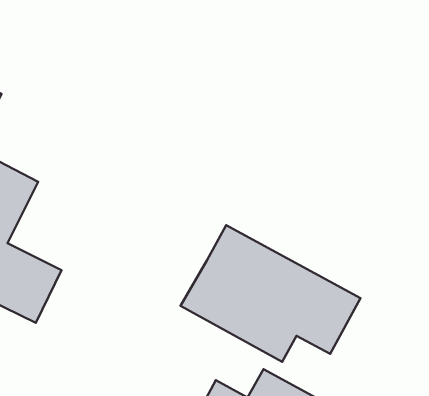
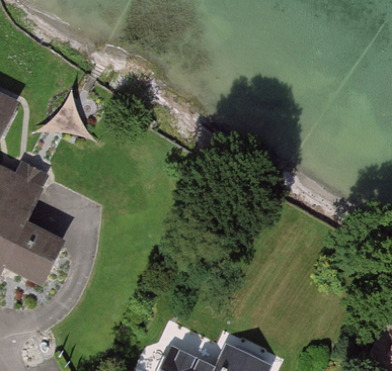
building: [181,225,360,362] -> none

